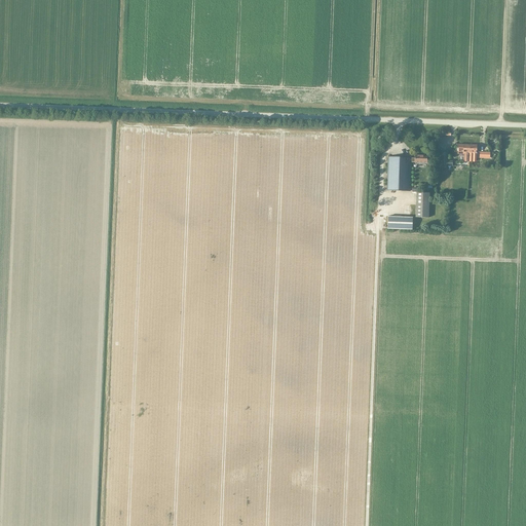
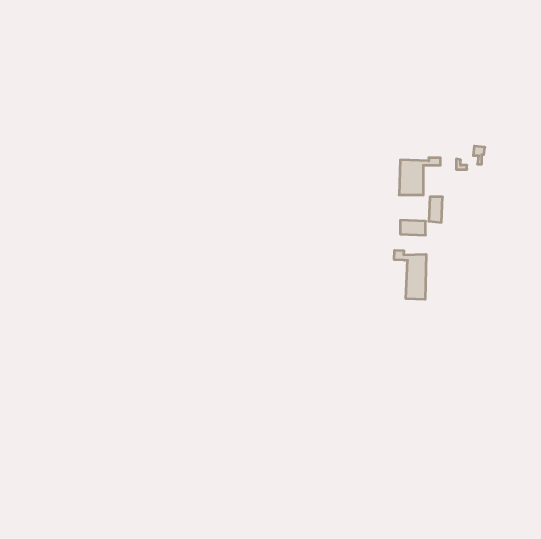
building: none -> [394,250,426,299]

